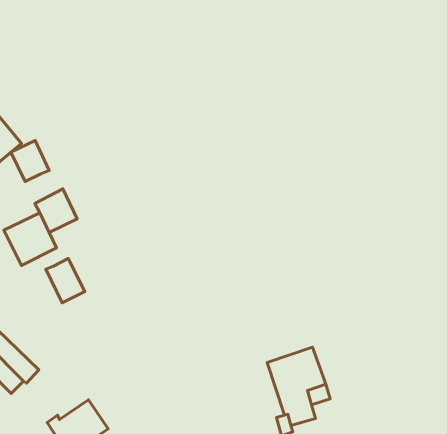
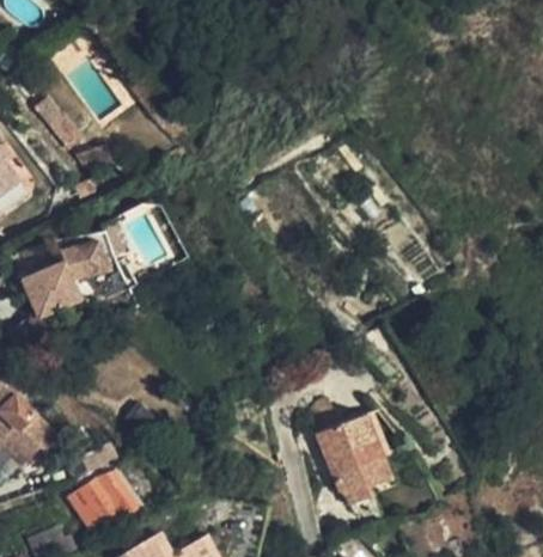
building: [11,140,49,182] -> none
building: [46,259,85,303] -> none

